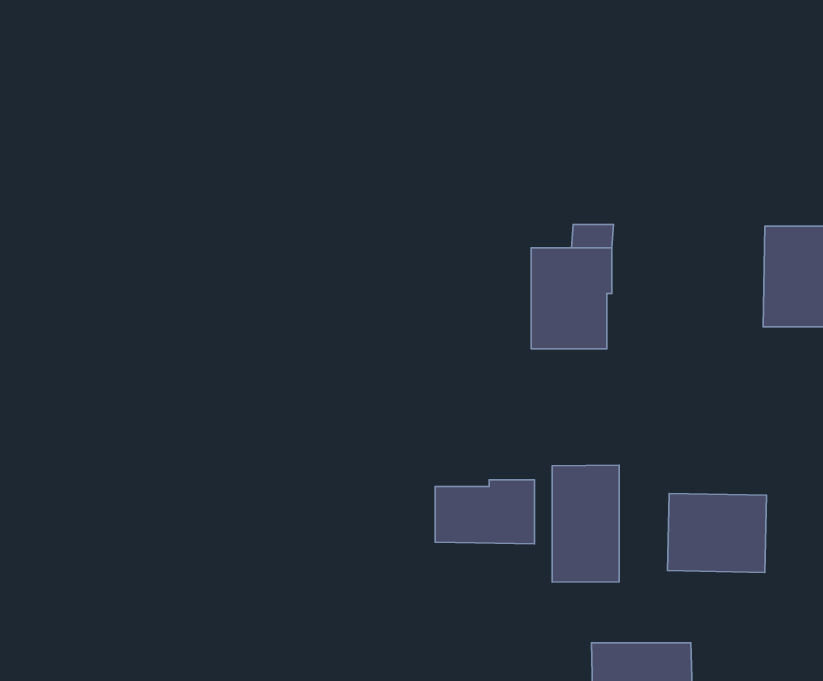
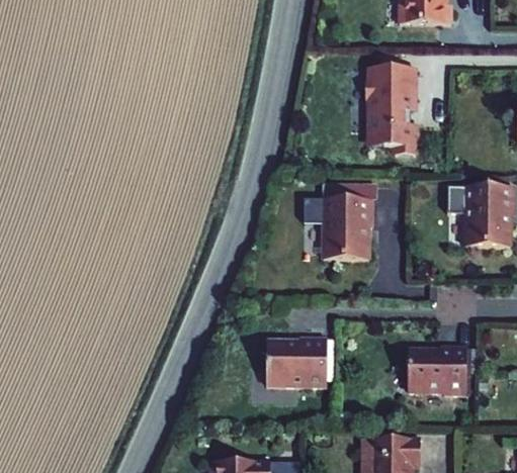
building: none -> [362,66,413,153]
building: [552,465,619,582] -> none

